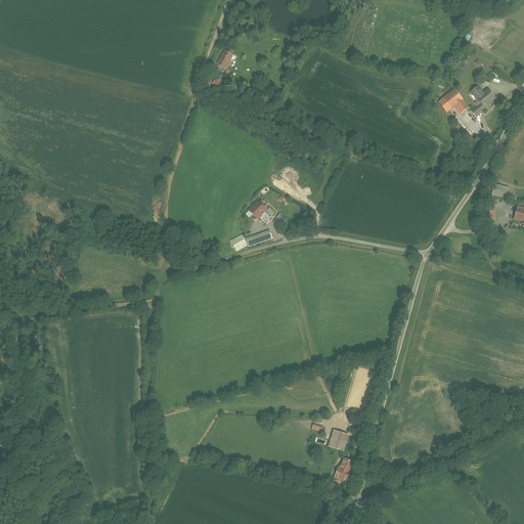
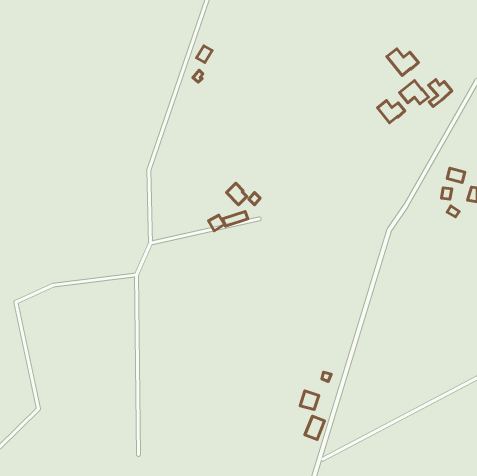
building: none -> [387,49,419,75]
building: none -> [377,101,405,123]

